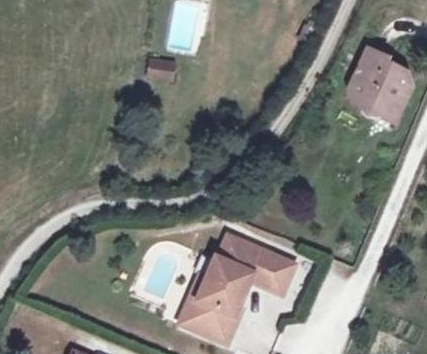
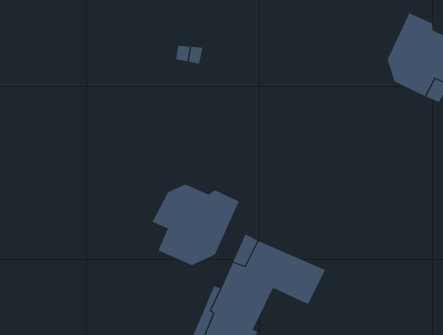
building: none -> [152,184,239,266]

